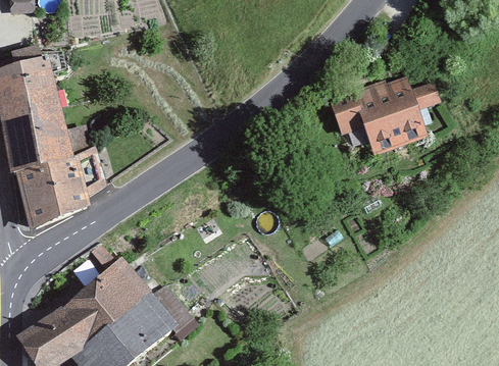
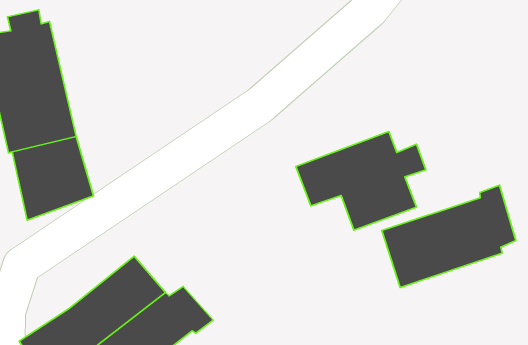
building: [336,76,450,163] -> [296,131,426,230]
building: none -> [382,185,516,288]

